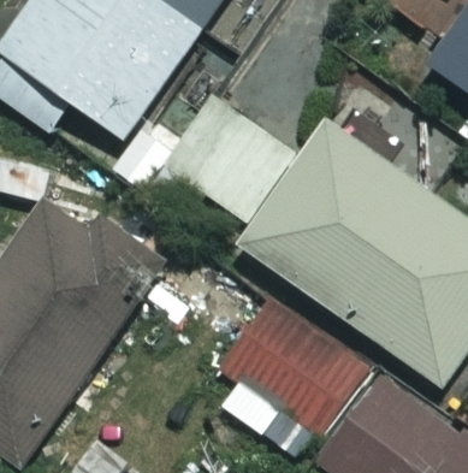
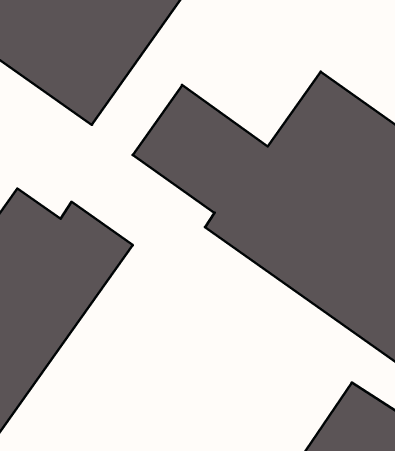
building: [220,327,339,459] -> none

